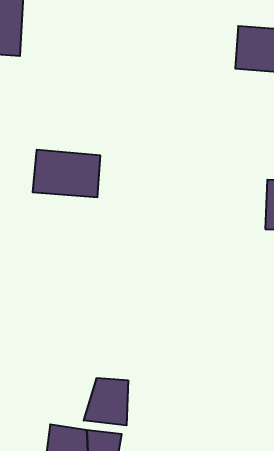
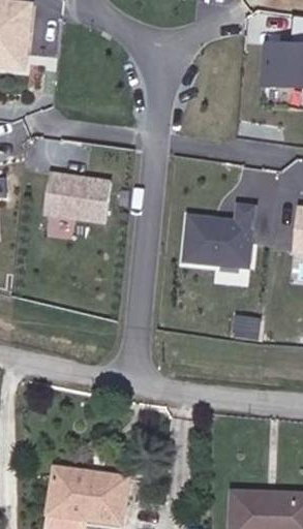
building: none -> [180,200,256,269]
building: [84,378,128,425] -> none

